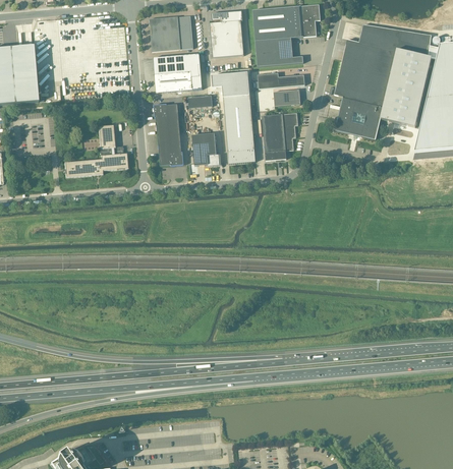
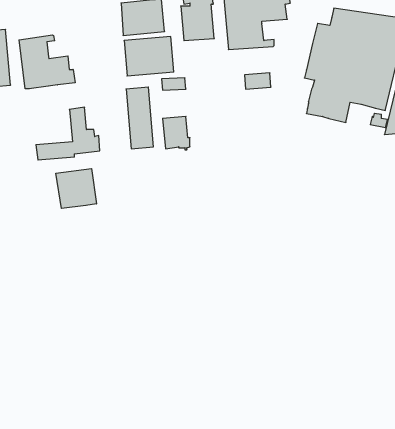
building: none -> [19,35,75,89]
building: [212,72,256,164] -> none
building: [258,73,305,89] -> none
building: [262,113,298,161] -> none
building: none -> [56,169,96,208]

